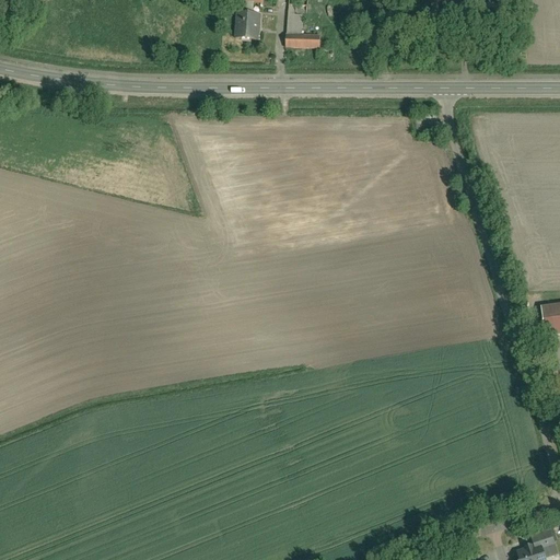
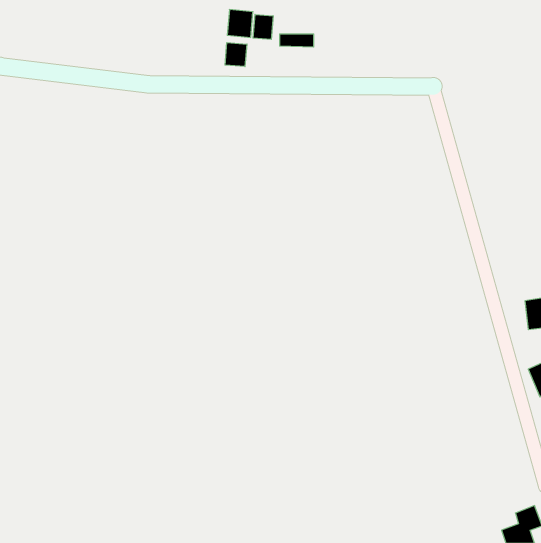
building: none -> [253,14,273,39]
building: none -> [225,43,247,67]

